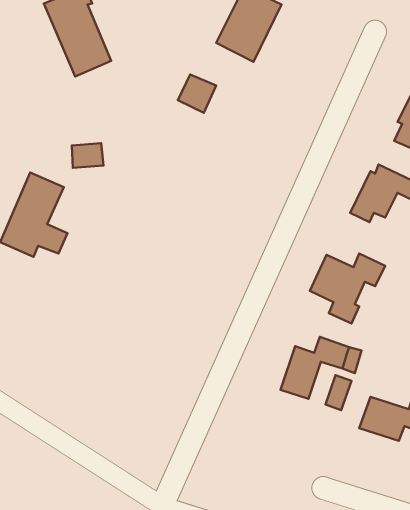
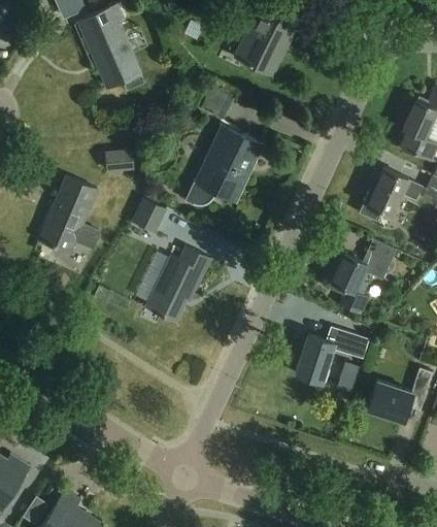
building: none -> [184,125,264,203]
building: none -> [132,198,166,232]
building: none -> [144,245,210,322]

